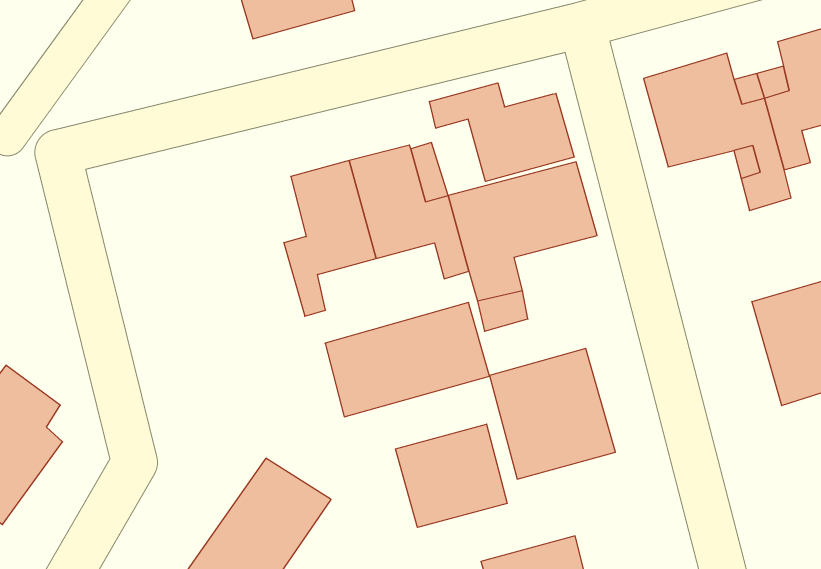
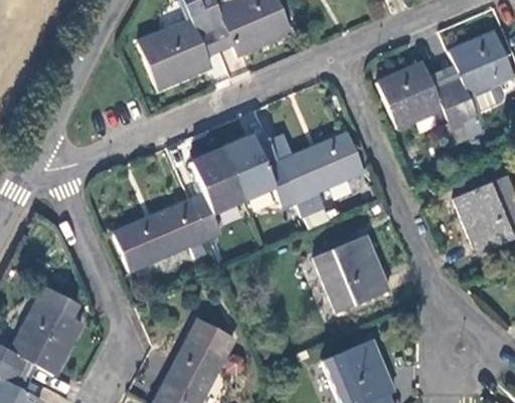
building: [429,83,574,181] -> none
building: [325,303,490,417] -> [114,198,207,270]
building: [396,424,507,527] -> none

